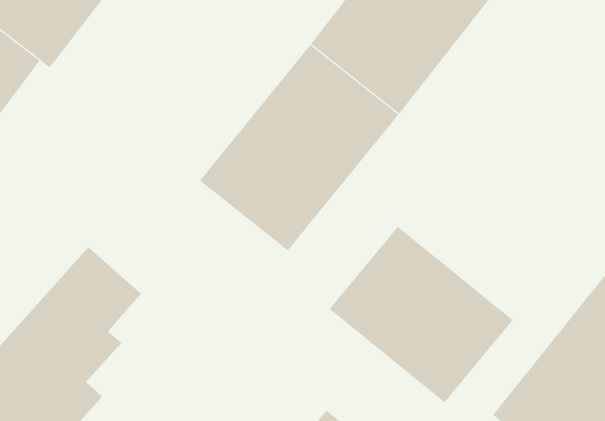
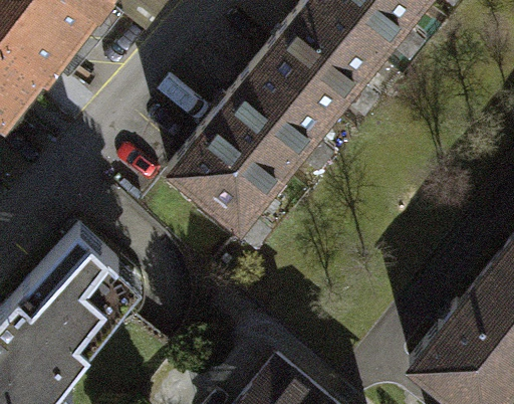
building: [329,226,513,403] -> none

